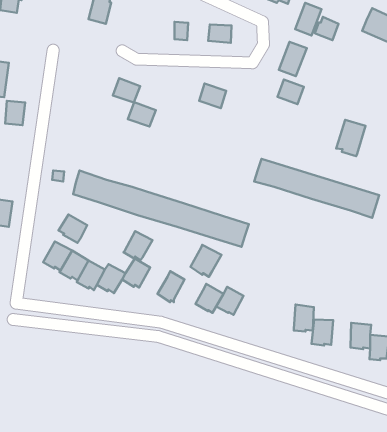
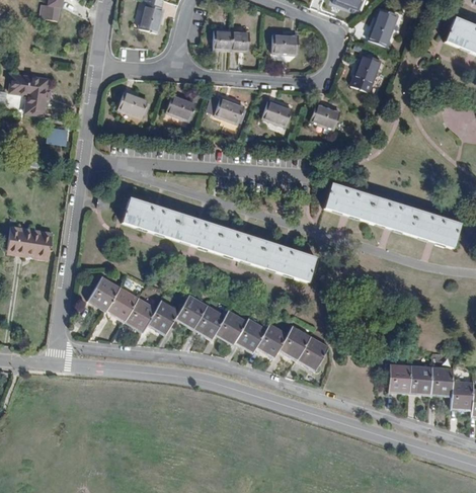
building: [315,17,338,40] -> none
building: none -> [213,29,234,50]
building: none -> [116,90,150,119]
building: [278,80,304,104] -> [311,102,340,130]
building: [128,102,156,127] -> [214,96,245,124]
building: [336,120,365,156] -> none
building: [58,215,87,243] -> none
building: [123,231,152,260] -> [193,305,226,337]
building: [191,245,221,277] -> [233,316,267,351]
building: none -> [299,336,329,367]
building: [294,304,314,332] -> [409,363,431,394]

